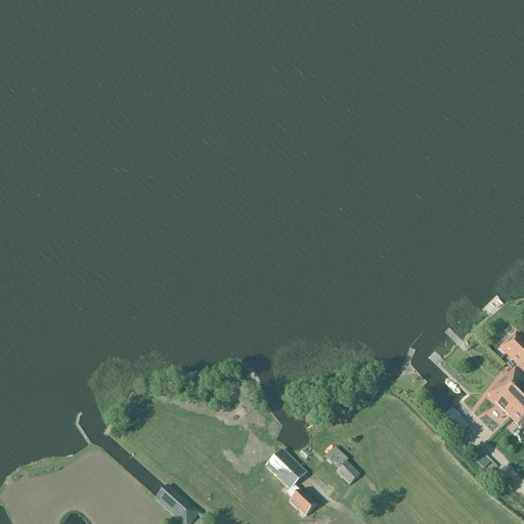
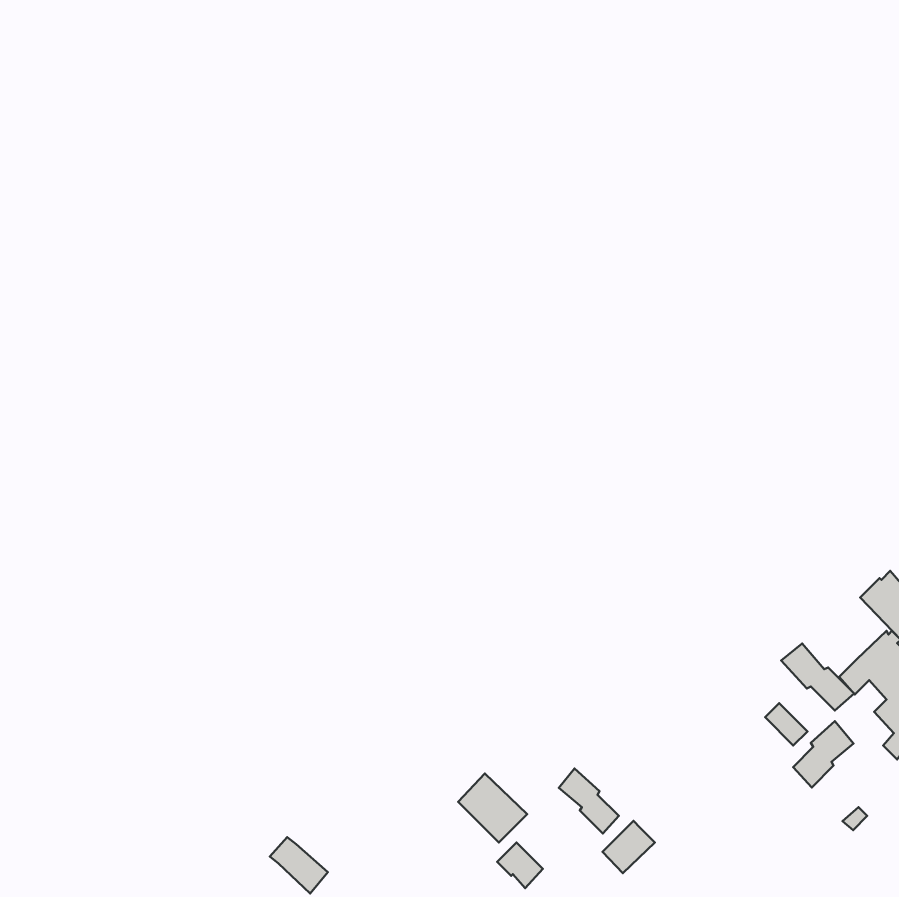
building: none -> [781,643,854,711]
building: none -> [793,721,854,788]
building: none -> [603,821,655,873]

